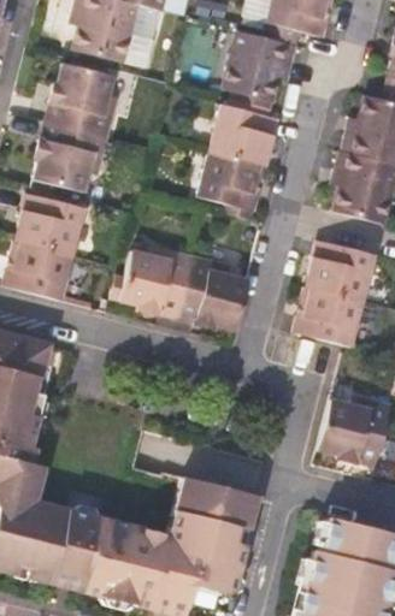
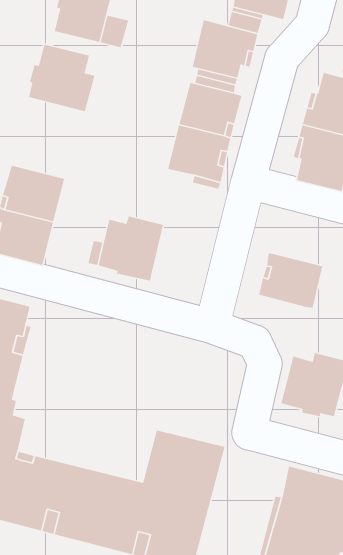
building: [33,122,107,195] -> none
building: [308,239,376,302] -> none
building: [177,257,248,332] -> none

